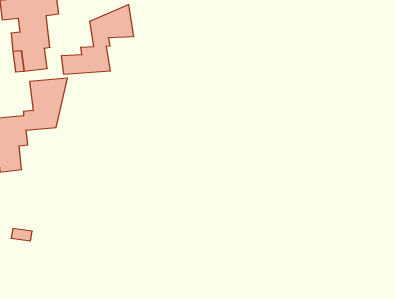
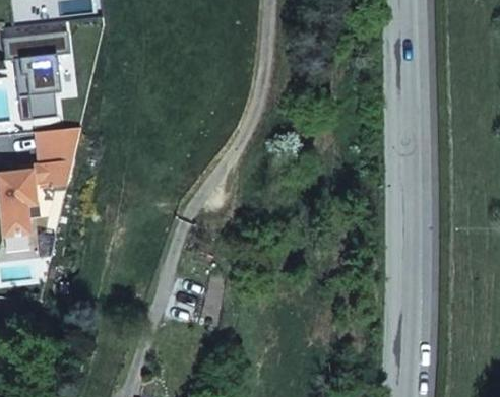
building: [62,5,134,74] -> none

